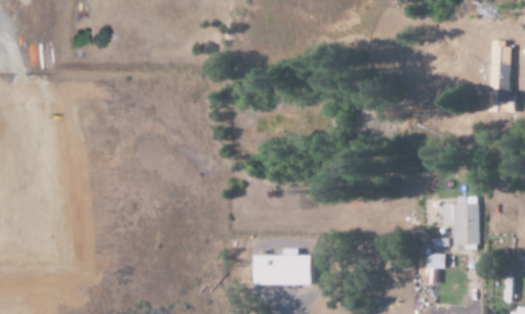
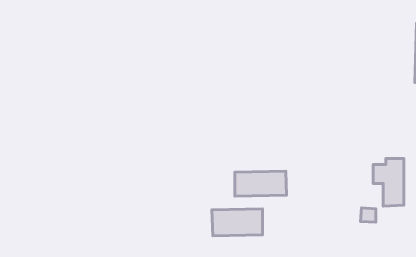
building: none -> [235,171,287,196]

